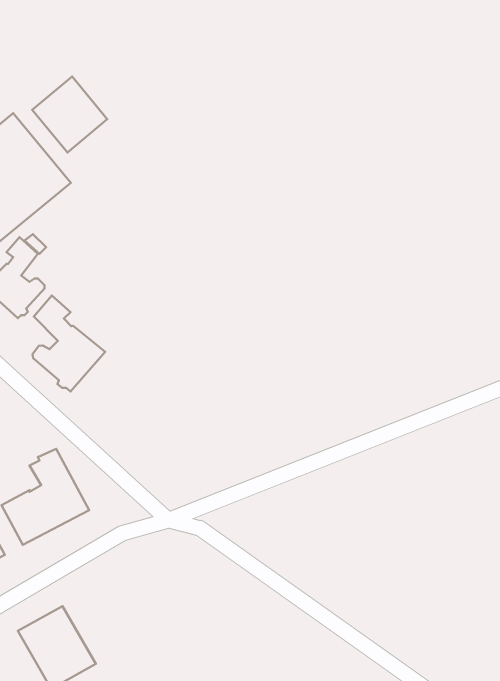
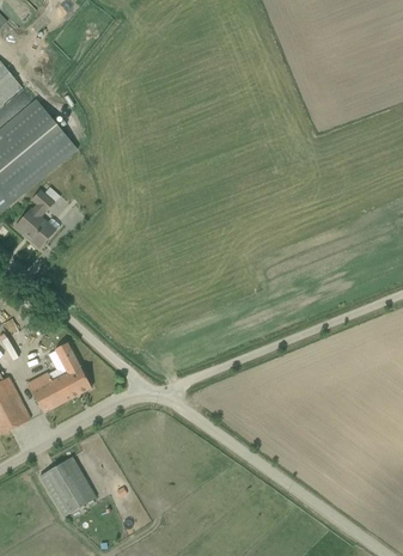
building: [32,76,107,153] -> none
building: [32,296,105,391] -> none

